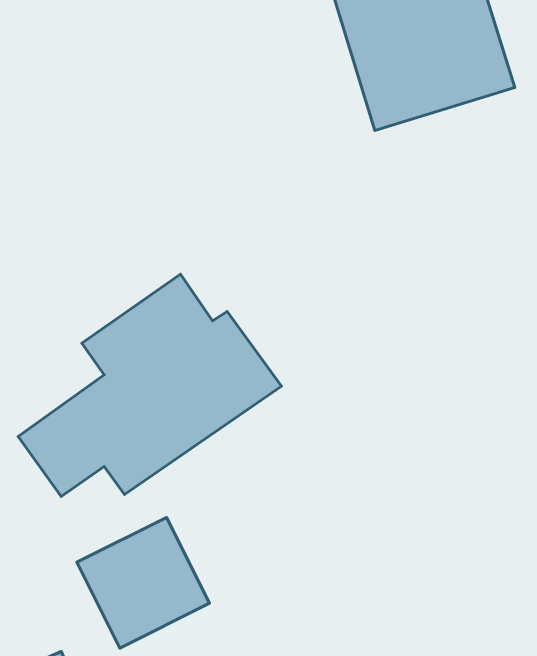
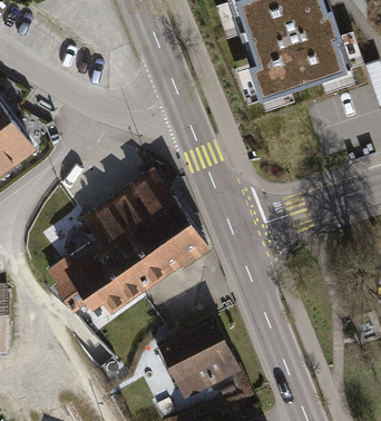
building: [77,517,210,648] -> [159,321,238,399]

